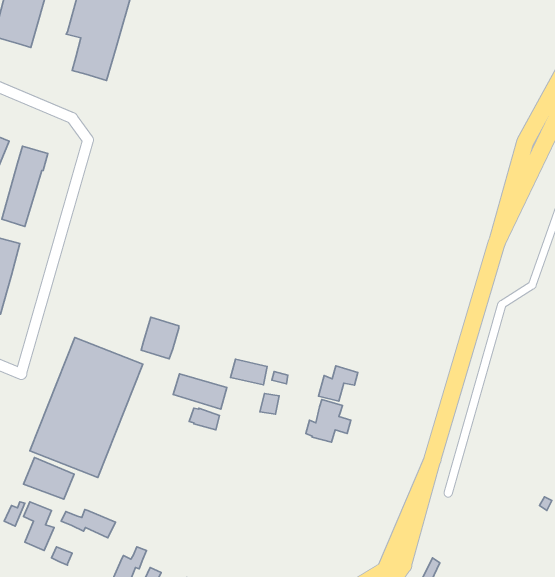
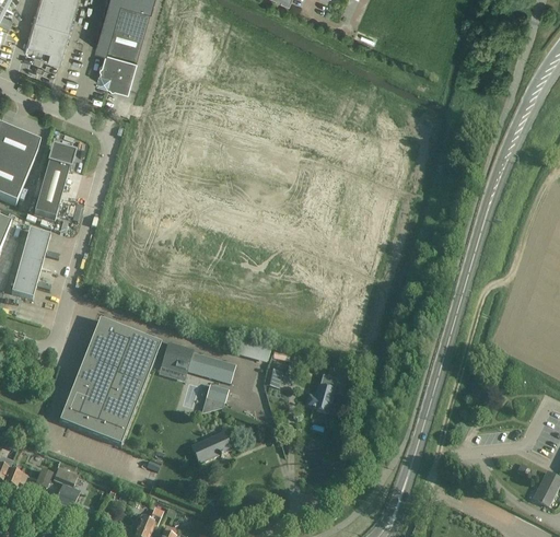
building: [141,317,179,359] -> [160,340,194,377]
building: [319,366,358,401] -> none
building: [23,458,74,499] -> none
building: none -> [192,430,231,462]
building: [61,509,115,538] -> none

